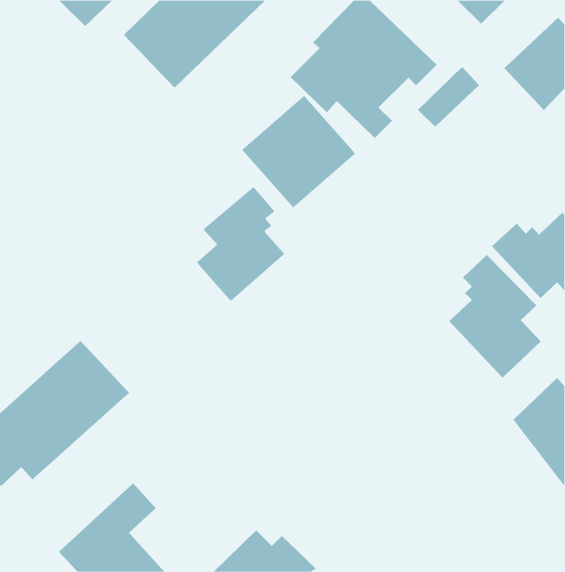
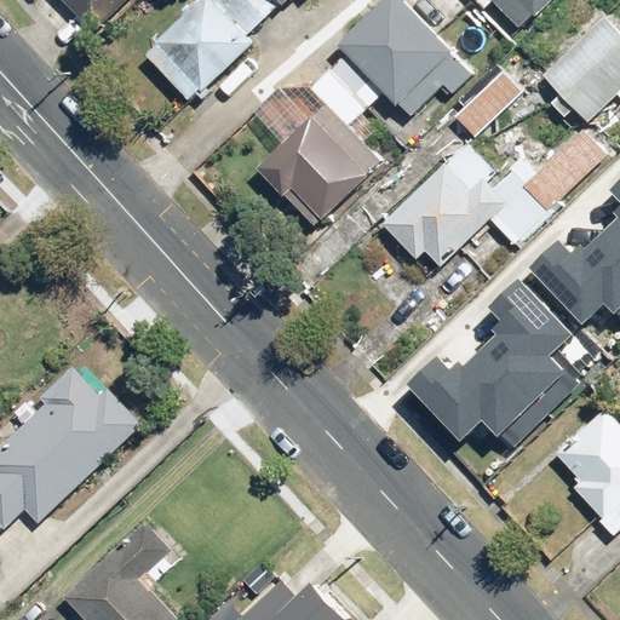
building: none -> [384,132,603,266]
building: [196,186,285,302] -> none
building: none -> [409,348,544,448]

